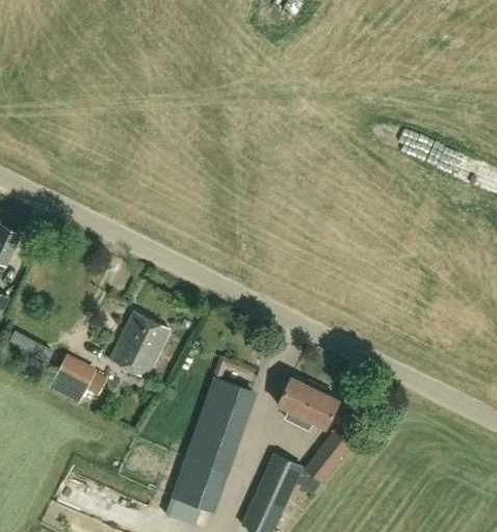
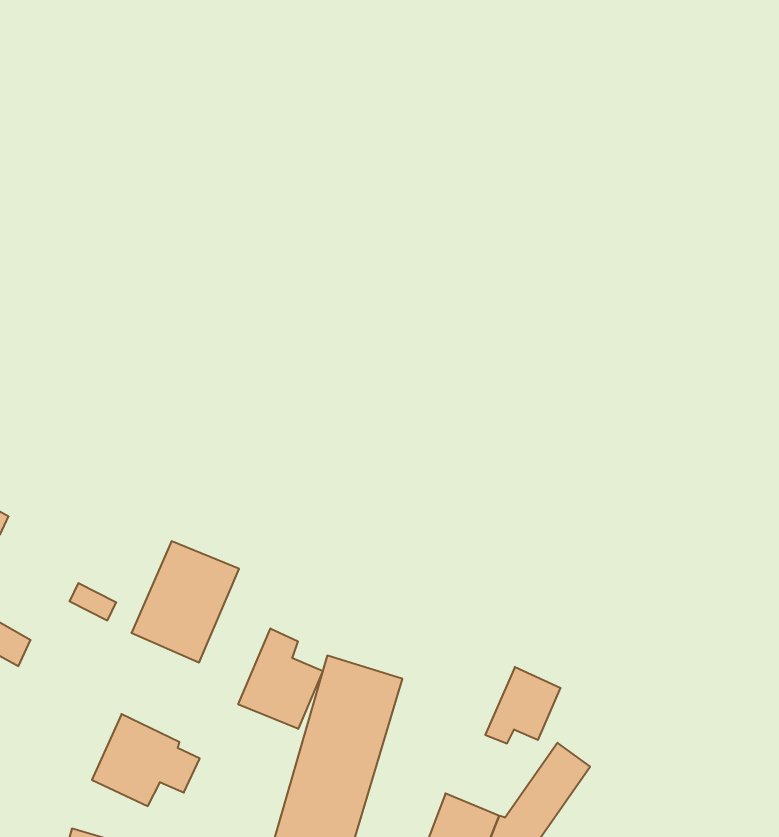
building: [49,352,107,402] -> [92,714,200,806]
building: none -> [238,628,323,729]
building: [277,377,314,424] -> none

